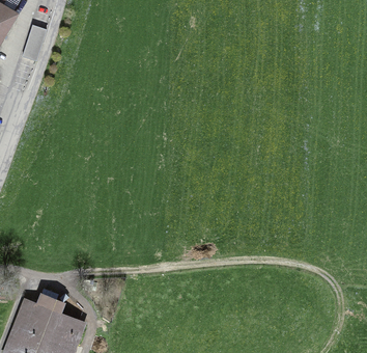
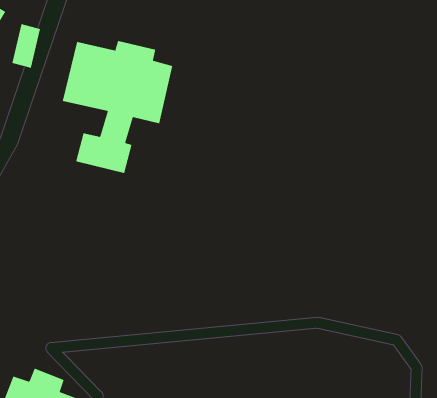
building: none -> [62,40,173,174]

